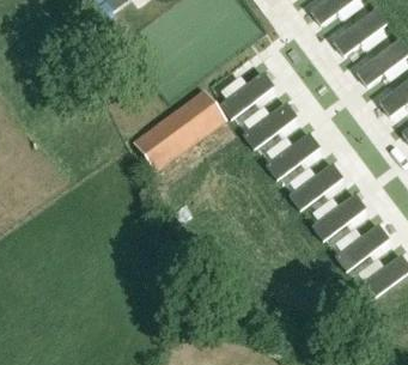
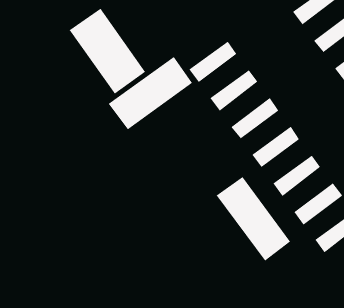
building: none -> [69,8,146,95]
building: none -> [216,176,291,261]

